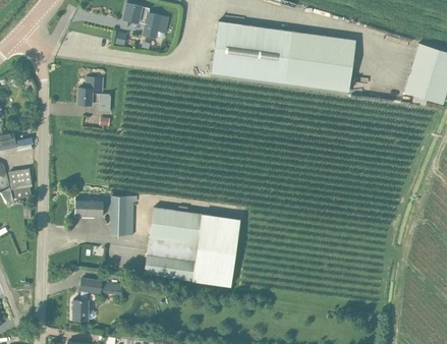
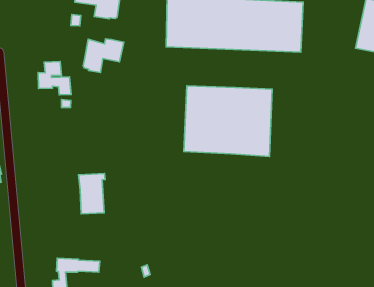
building: none -> [83,39,124,73]
building: [74,197,110,217] -> none
building: [144,208,239,287] -> [184,86,272,156]

